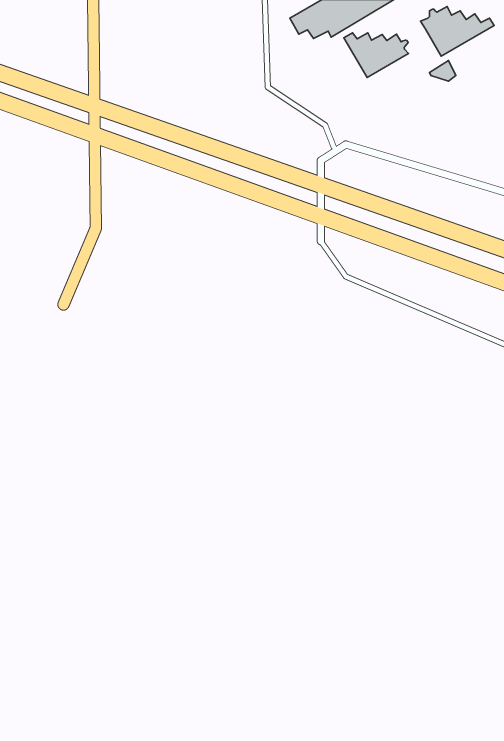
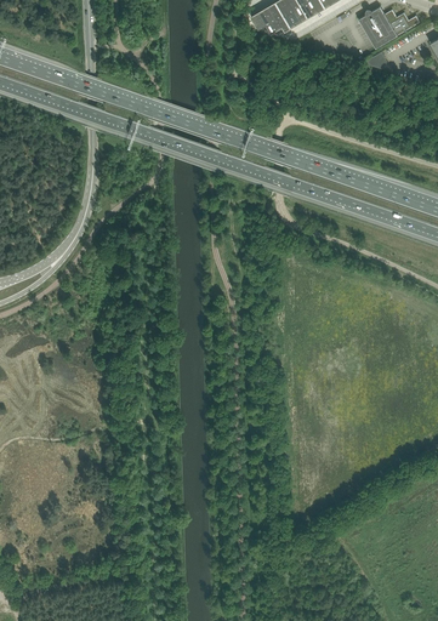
building: [344,33,409,78] -> none

